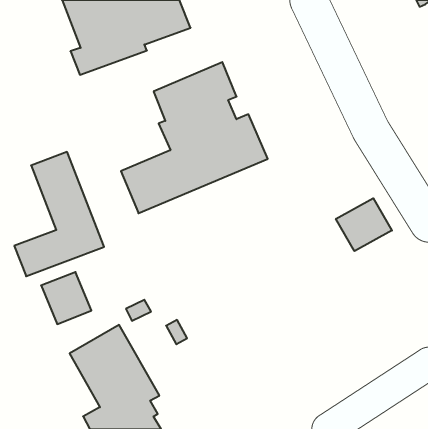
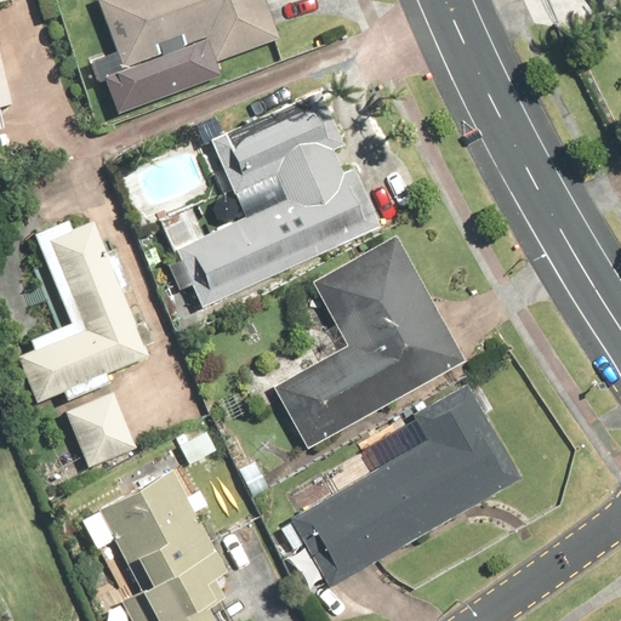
building: none -> [269,237,462,449]
building: [336,198,392,251] -> none
building: none -> [286,384,518,588]

